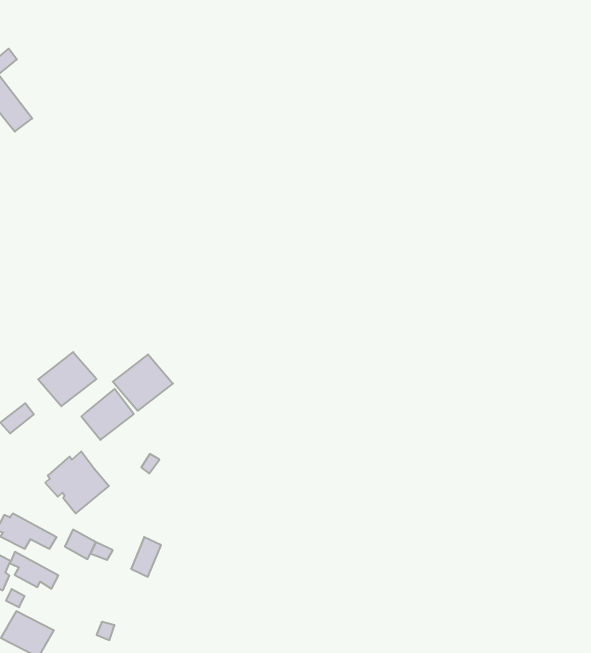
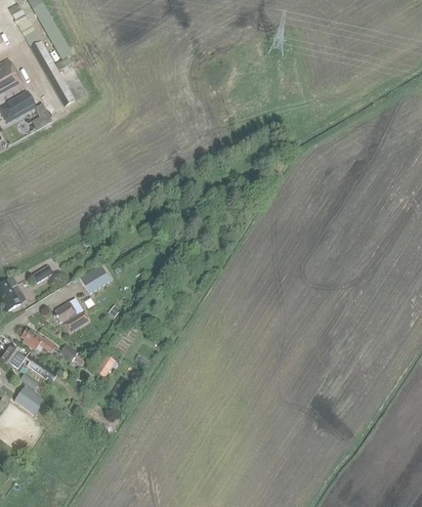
building: [38,352,96,406] -> none
building: [113,354,173,411] -> none

